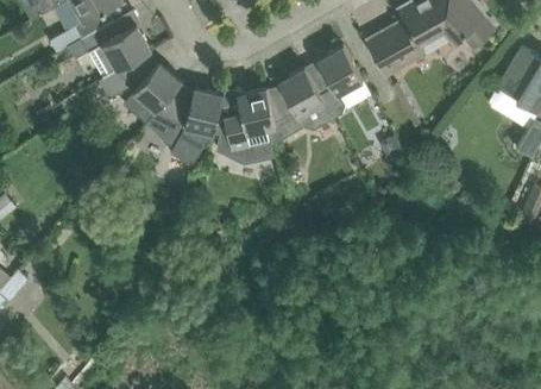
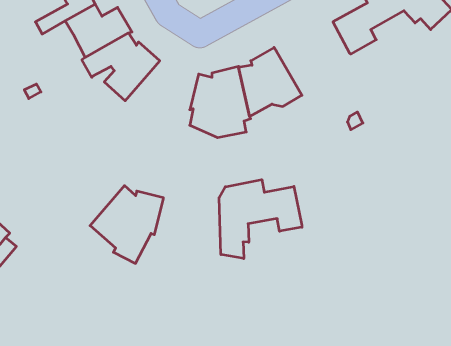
building: [306,46,361,119] -> none
building: [144,82,222,165] -> [90,186,163,263]
building: none -> [219,180,302,259]

